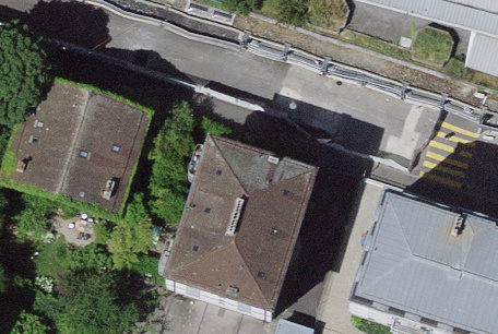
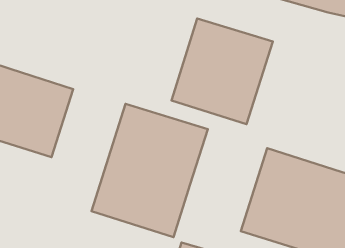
building: none -> [172,18,273,124]

